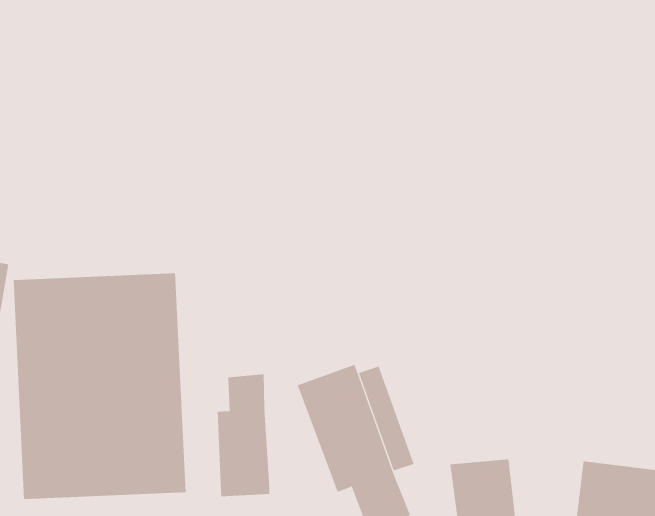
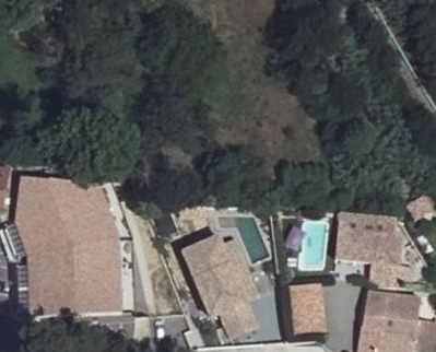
building: none -> [332,215,401,285]
building: [217,374,270,497] -> none

